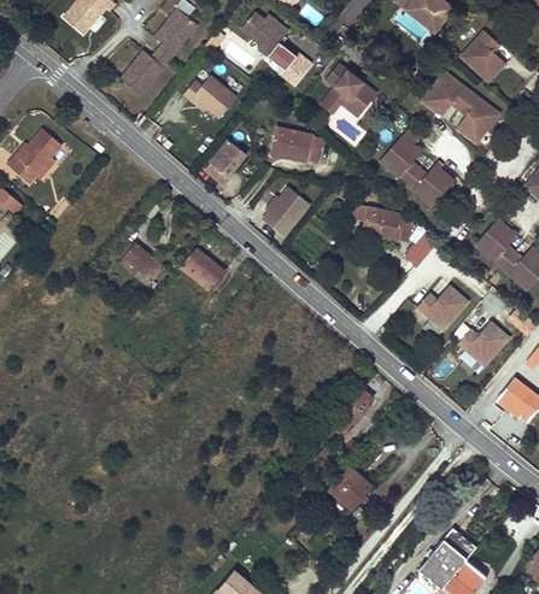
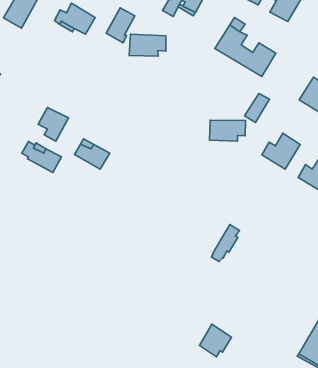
building: [207,142,247,187] -> [106,8,135,43]
building: [264,187,312,237] -> none
building: none -> [38,107,69,141]
building: [362,207,411,240] -> [210,120,245,141]
building: [328,465,370,507] -> [199,324,231,357]

